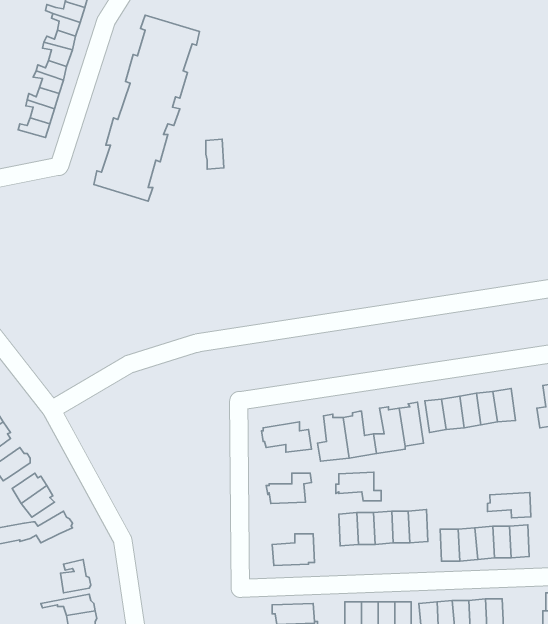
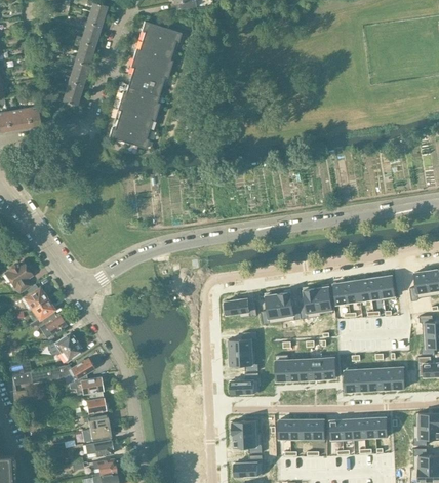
building: [336,472,381,501] -> [227,352,257,371]
building: [487,493,531,518] -> none
building: none -> [73,373,102,394]

